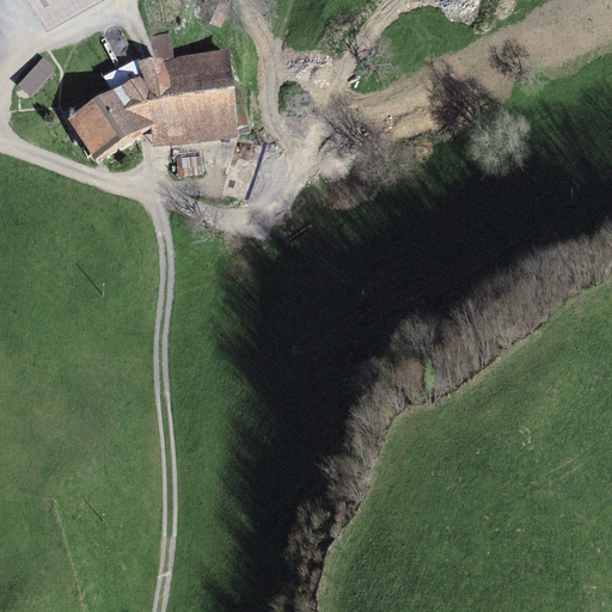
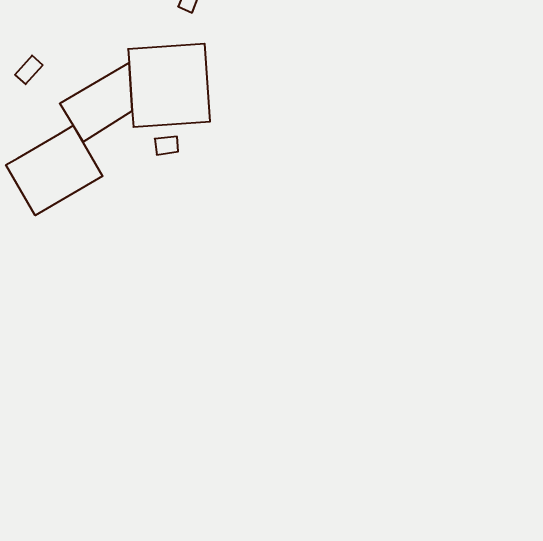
building: none -> [6,126,103,215]

